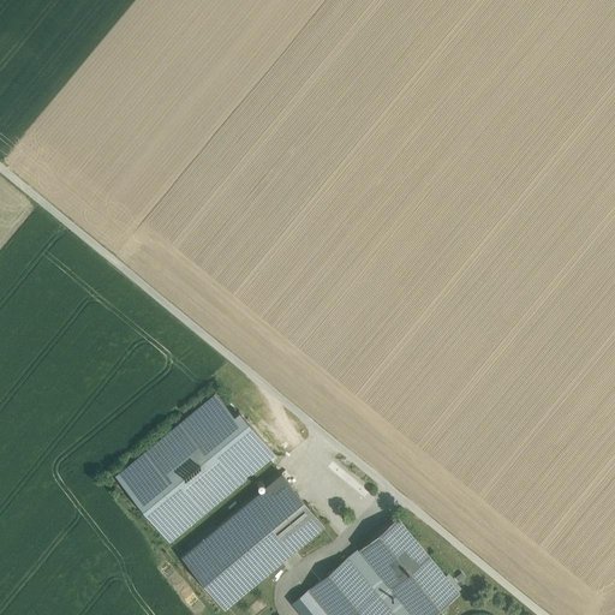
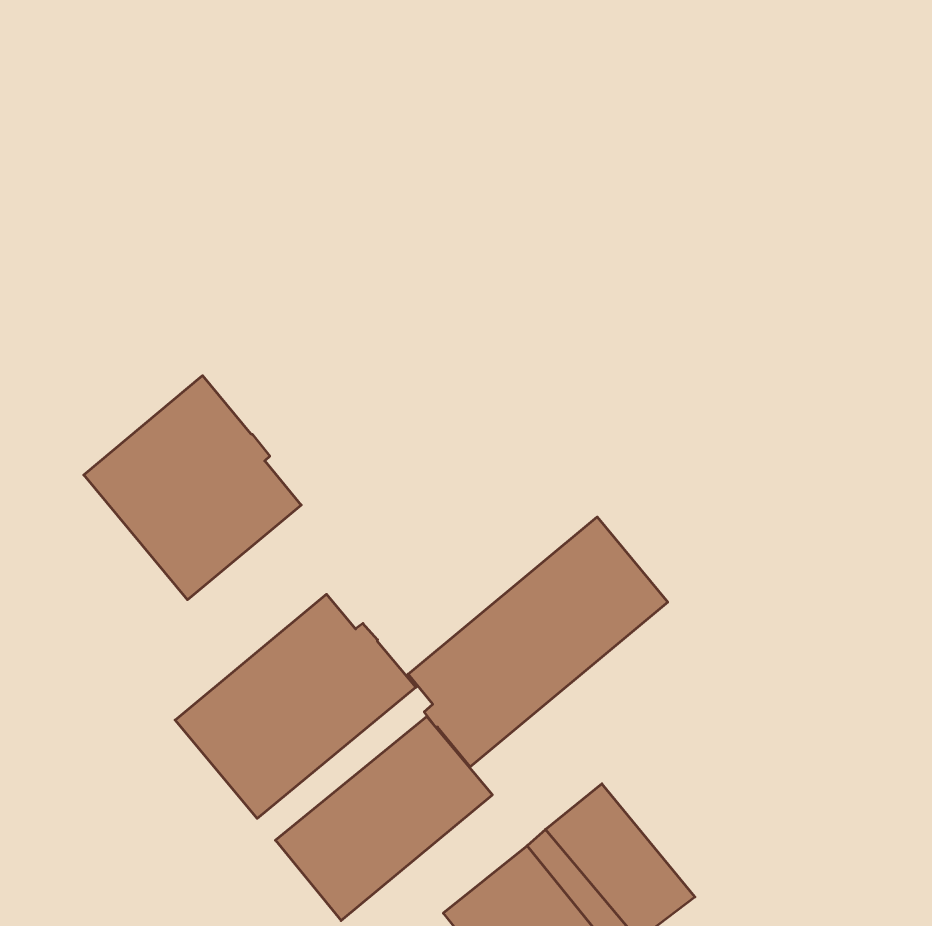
building: none -> [84,376,301,600]
building: none -> [408,517,668,767]

